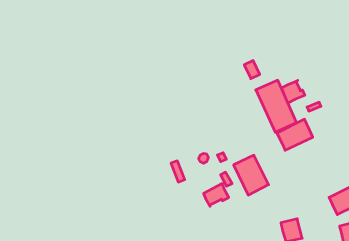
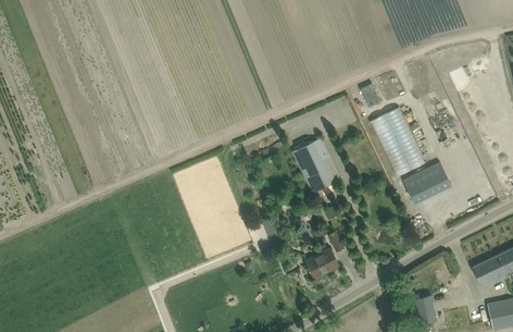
building: [282,80,305,103] -> none
building: [234,155,269,195] -> [293,139,340,193]

